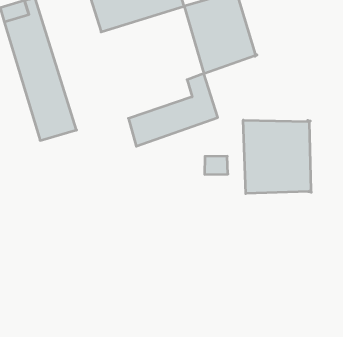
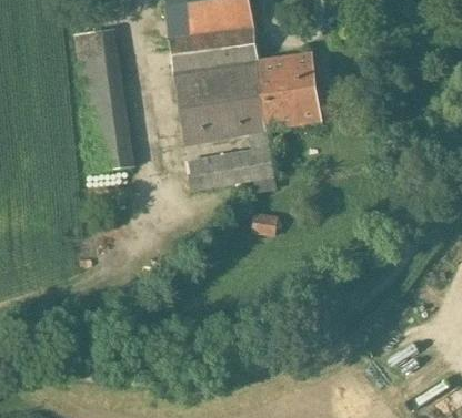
building: none -> [173,60,269,144]
building: [243,120,311,194] -> none

